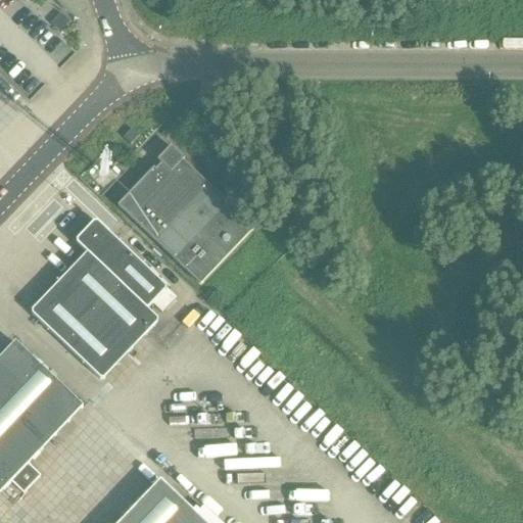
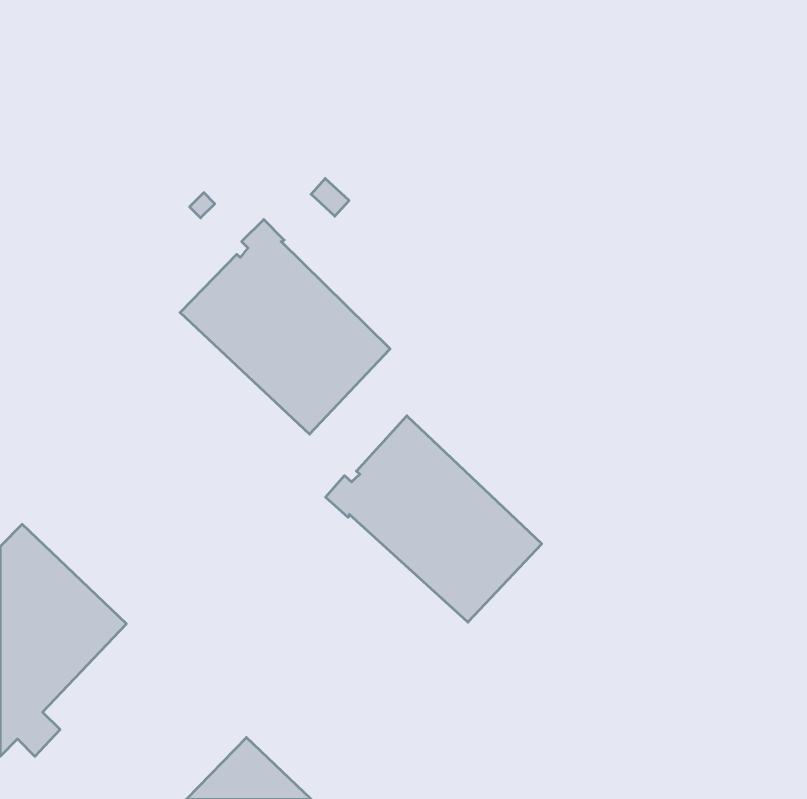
building: [31,219,177,375] -> none
building: none -> [326,416,542,622]

